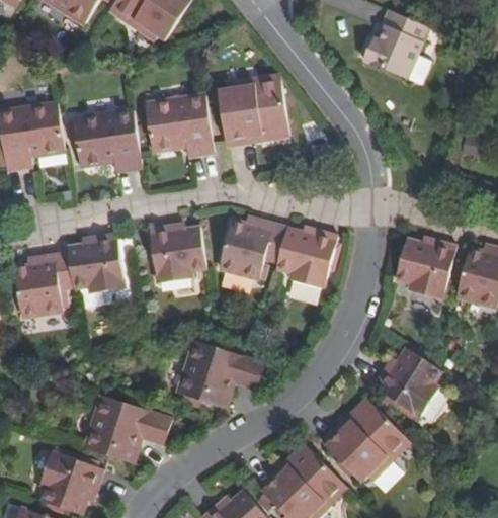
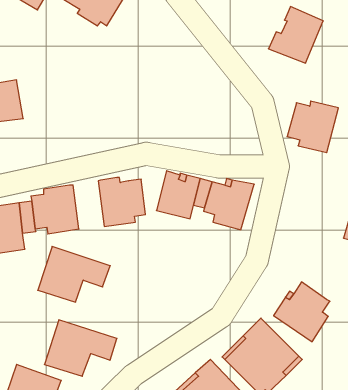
building: [214,83,286,147] -> none
building: [145,100,213,159] -> none
building: [76,112,140,172] -> none
building: [387,238,448,299] -> [287,101,338,153]
building: [178,335,265,402] -> [38,246,110,302]

